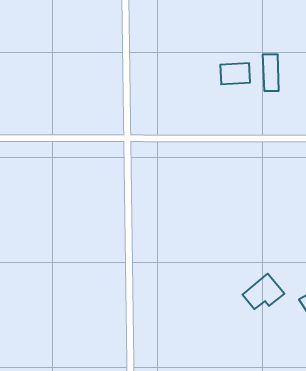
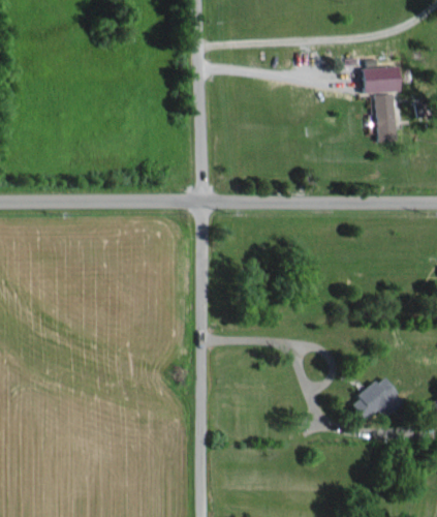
building: [220,63,250,84] -> [363,66,401,93]

